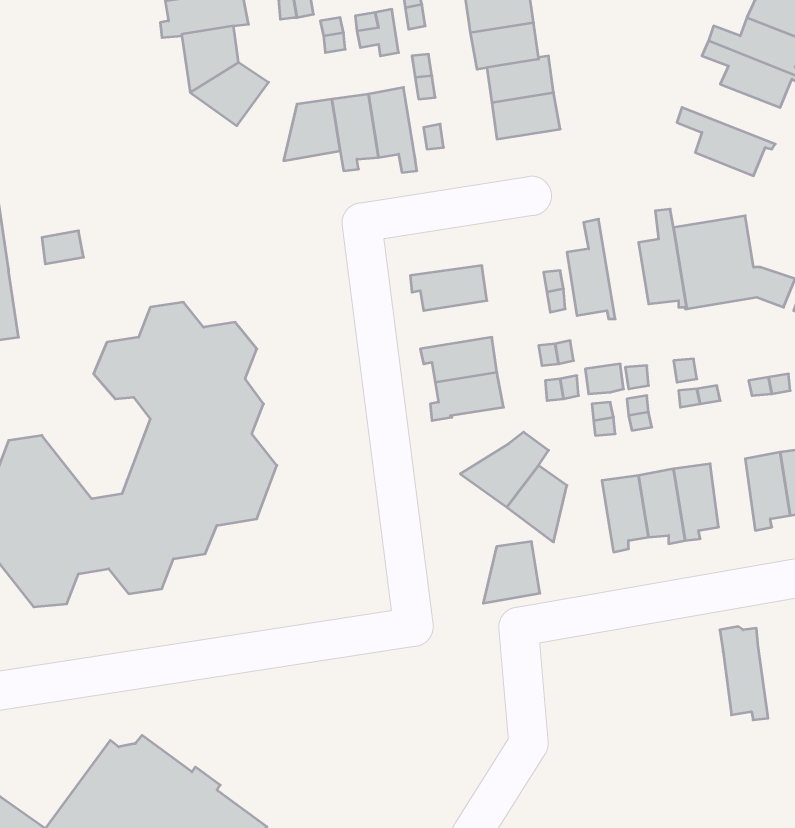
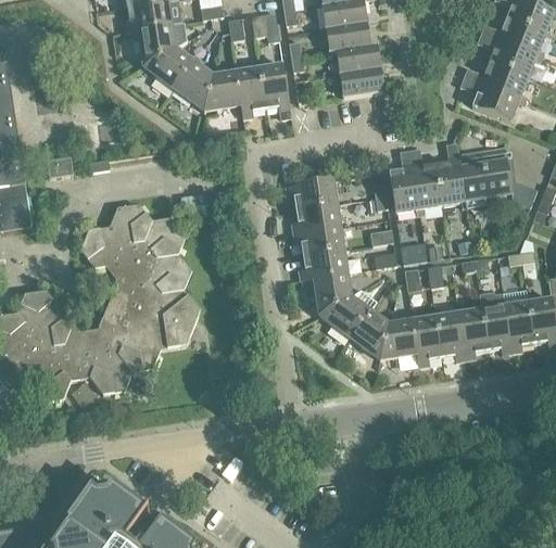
building: none -> [174,60,213,111]
building: none -> [464,61,528,100]
building: none -> [409,148,442,214]
building: none -> [292,202,340,233]
building: none -> [313,271,351,315]
building: [483,542,540,603] -> [380,319,417,359]
building: [720,627,768,720] -> [480,292,511,353]

